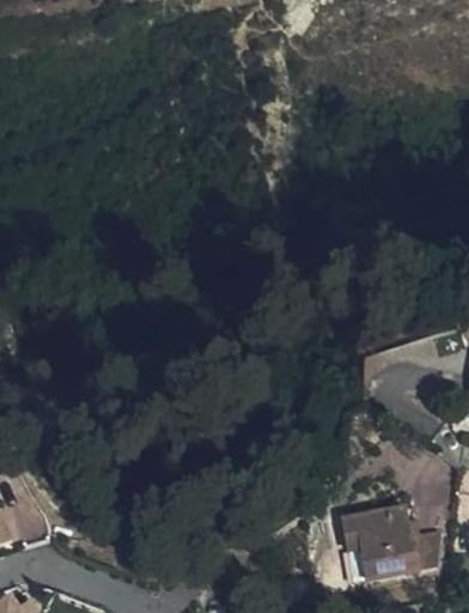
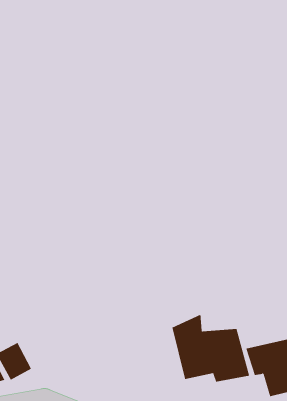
building: none -> [172,314,250,382]

